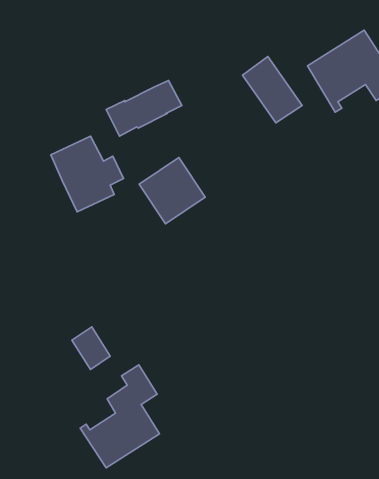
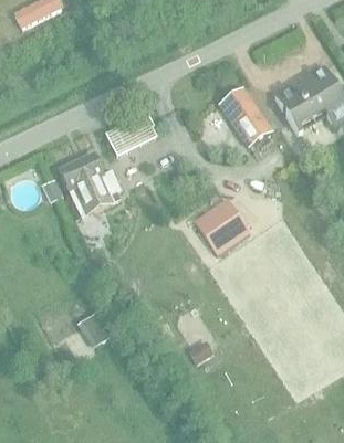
building: [139,158,205,224] -> [195,198,250,253]
building: [80,365,160,468] -> none

